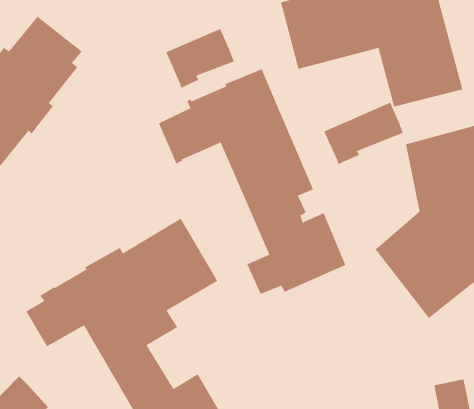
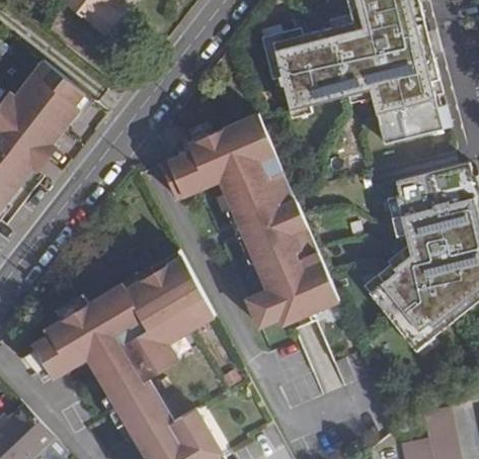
building: [165,28,235,88] -> none
building: [324,102,403,165] -> none

